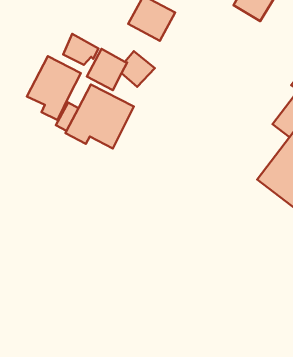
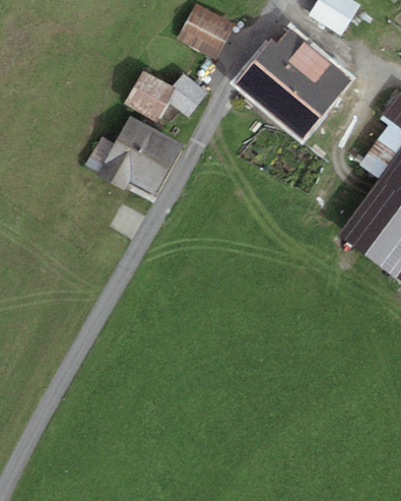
building: none -> [235,27,353,140]
building: [63,34,99,65] -> none
building: [27,56,81,120] -> none

